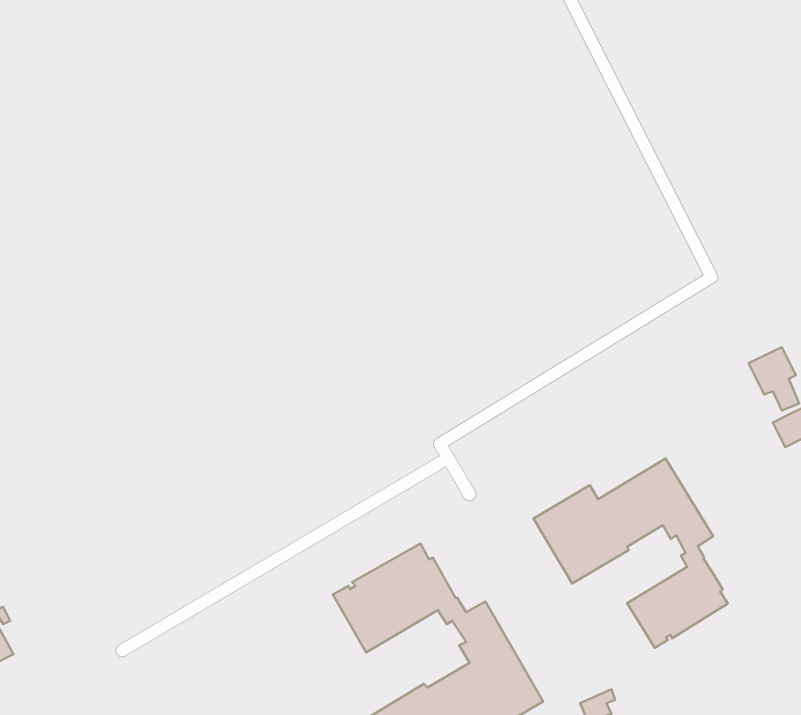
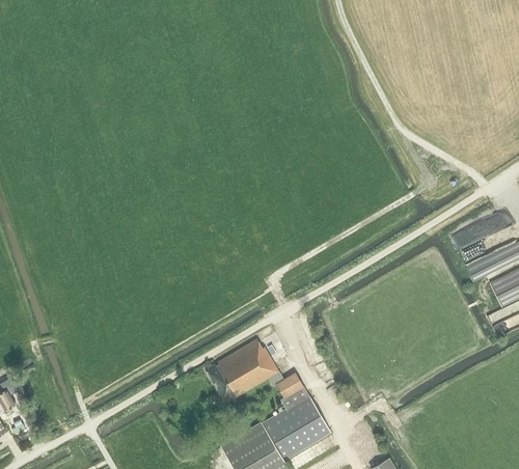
building: [533,458,728,648] -> none

